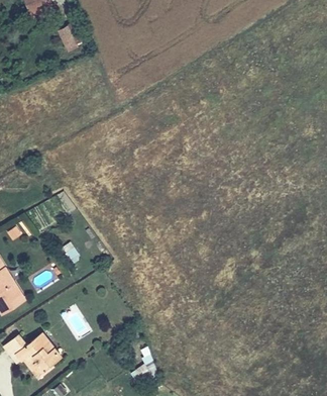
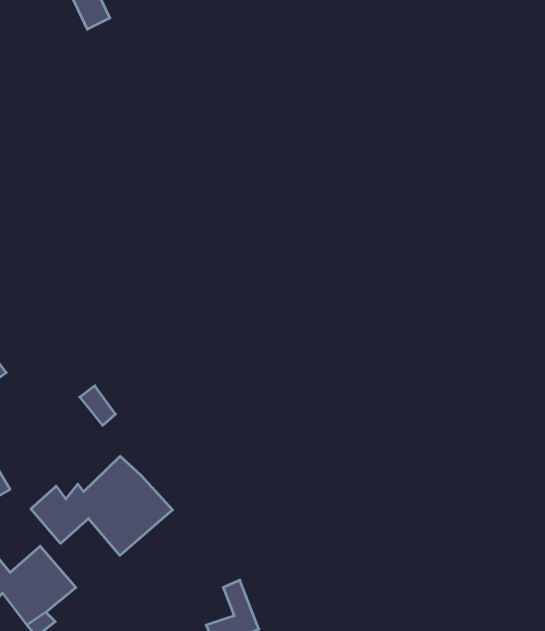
building: none -> [31,456,173,555]

